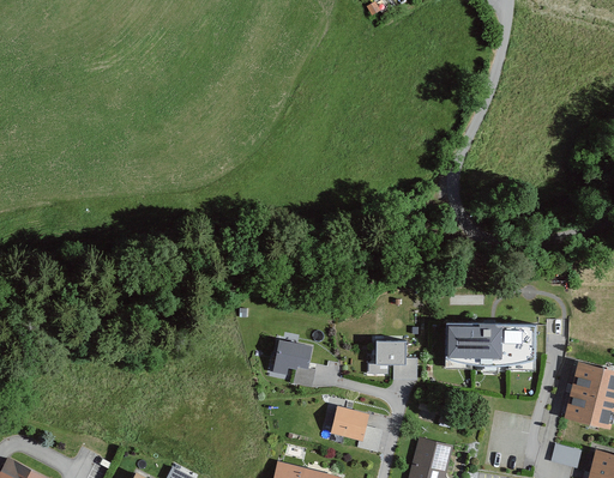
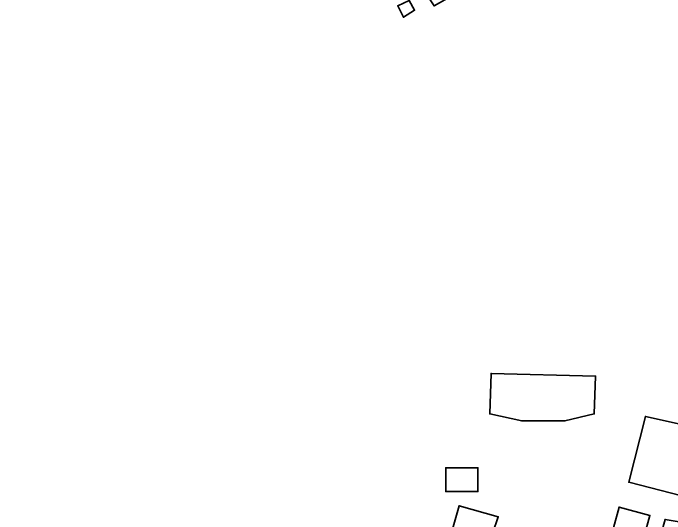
building: [273,344,309,374] -> none
building: [377,345,404,365] -> [446,468,478,491]
building: [331,410,367,441] -> none

